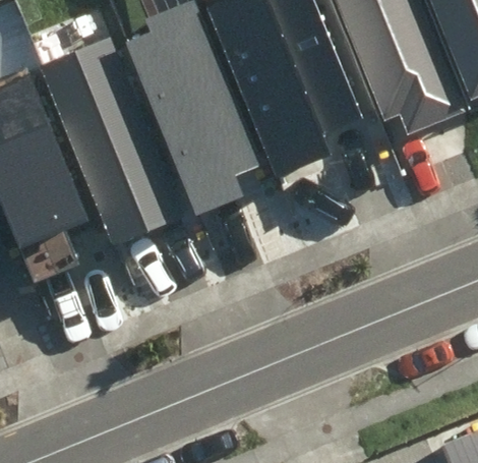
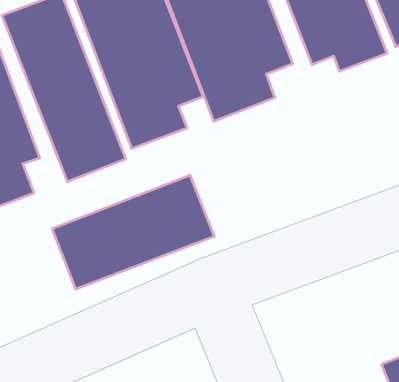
building: none -> [52,175,214,289]

